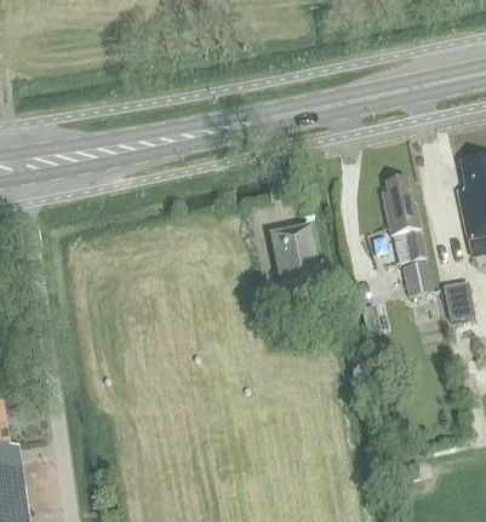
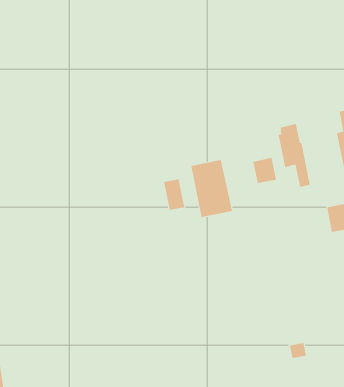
building: none -> [163,179,185,211]
building: [401,259,433,293] -> [252,157,277,184]

